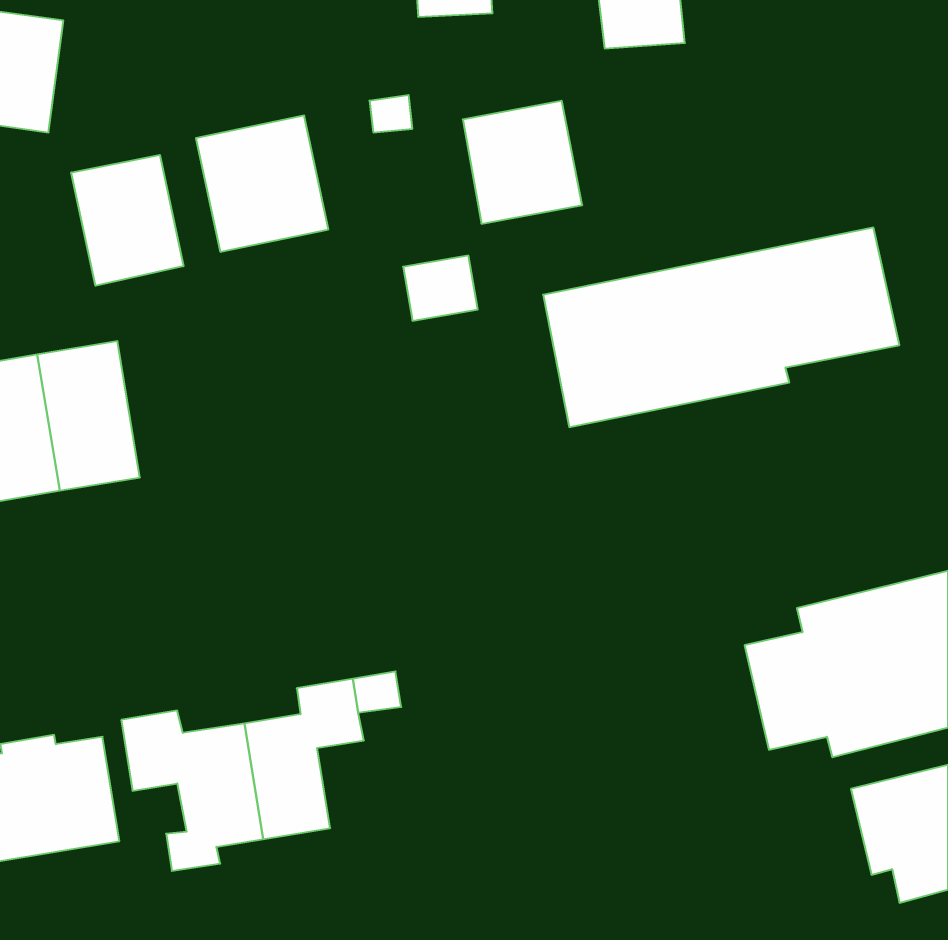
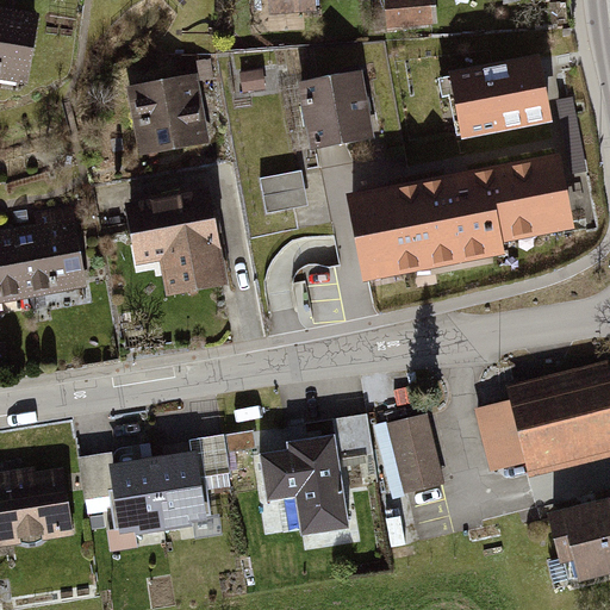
building: none -> [448,46,553,133]
building: [71,155,183,286] -> none
building: none -> [127,192,229,301]
building: none -> [371,405,442,488]
building: none -> [260,415,372,546]

